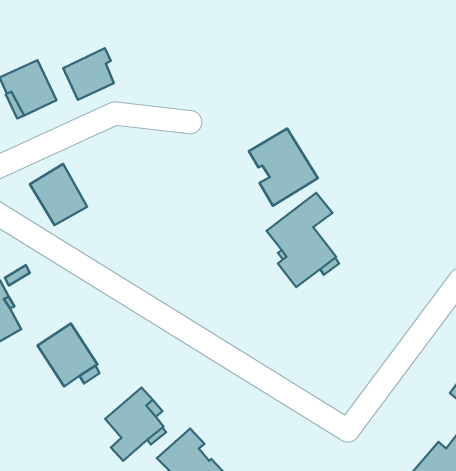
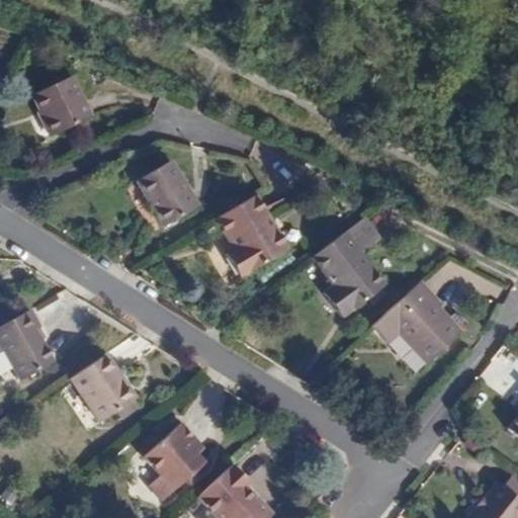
building: [63,48,114,100] -> none
building: [249,128,318,206] -> [217,194,289,276]
building: [30,164,87,225] -> [137,160,197,225]
building: none -> [372,281,461,364]

